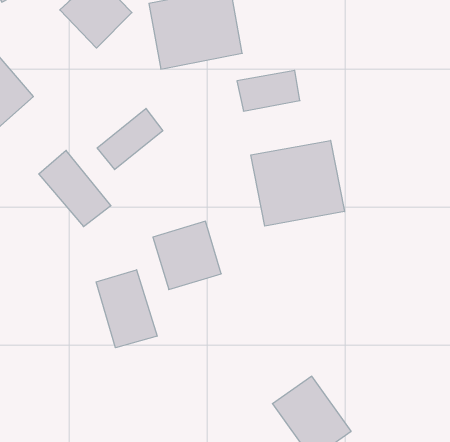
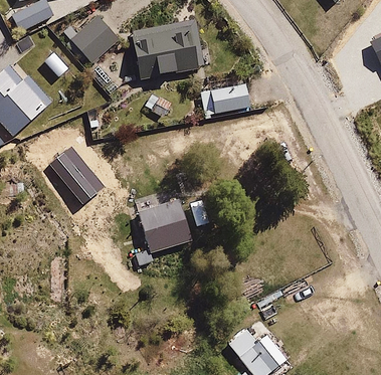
building: [97,108,163,170] -> none
building: [251,140,344,226] -> none
building: [96,270,157,348] -> none

